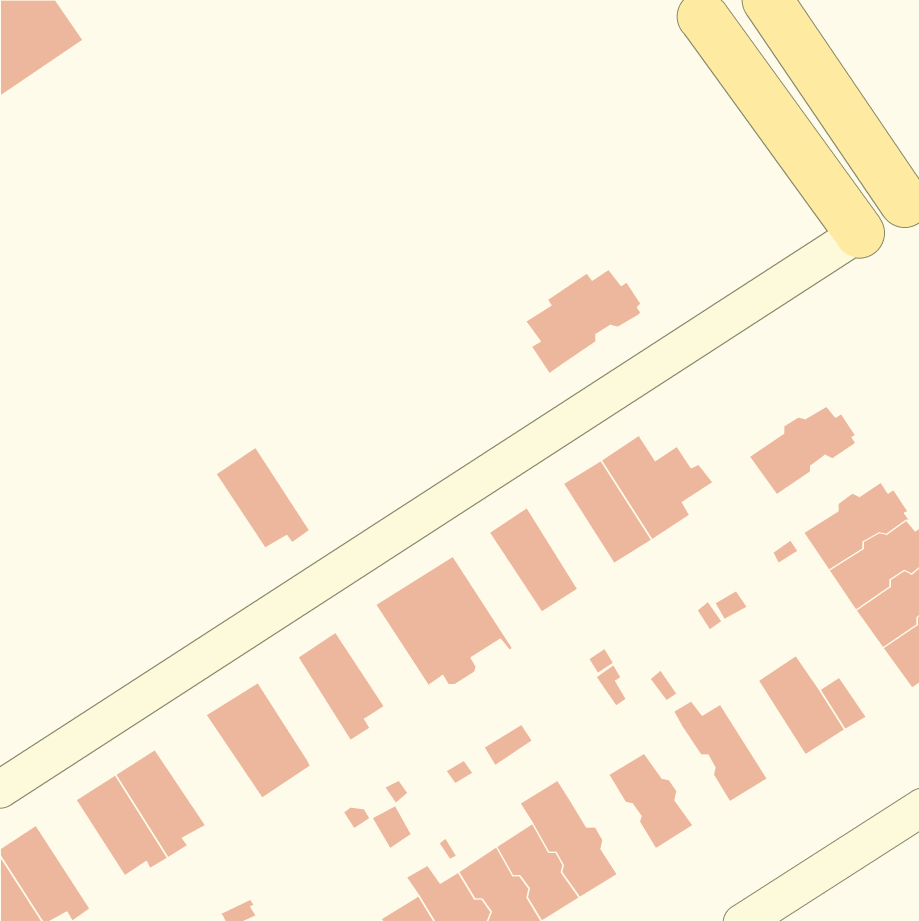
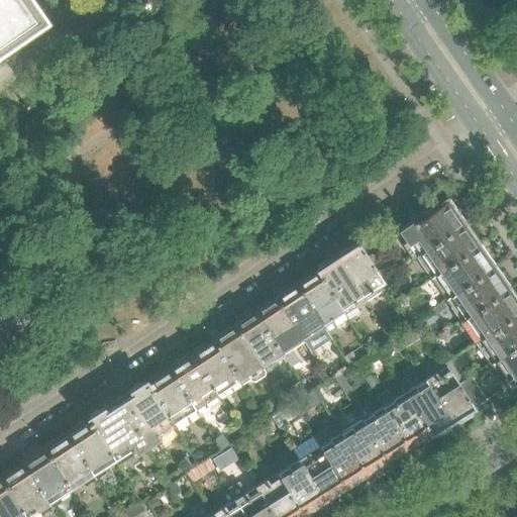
building: [526,269,641,374] -> [401,203,466,262]
building: none -> [436,249,496,299]
building: [216,447,310,548] -> [190,339,242,396]
building: none -> [297,272,345,330]
building: none -> [255,299,305,368]
building: none -> [146,369,198,425]
building: none -> [405,382,452,436]
building: none -> [89,401,148,467]
building: none -> [363,408,410,462]
building: none -> [321,434,369,490]
building: none -> [22,448,72,509]

